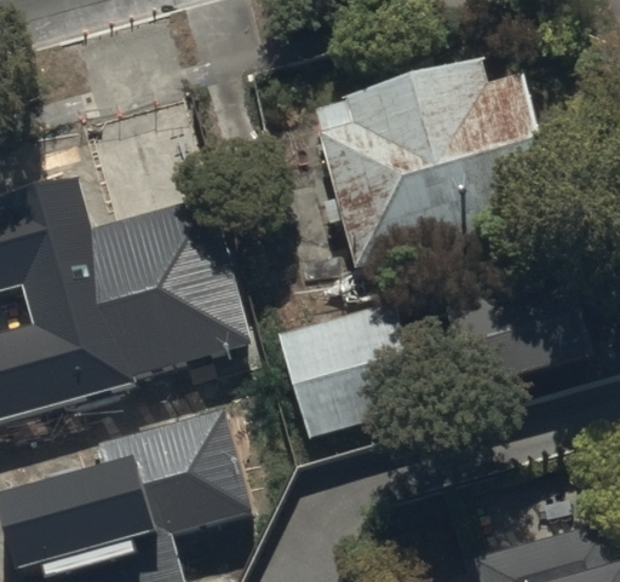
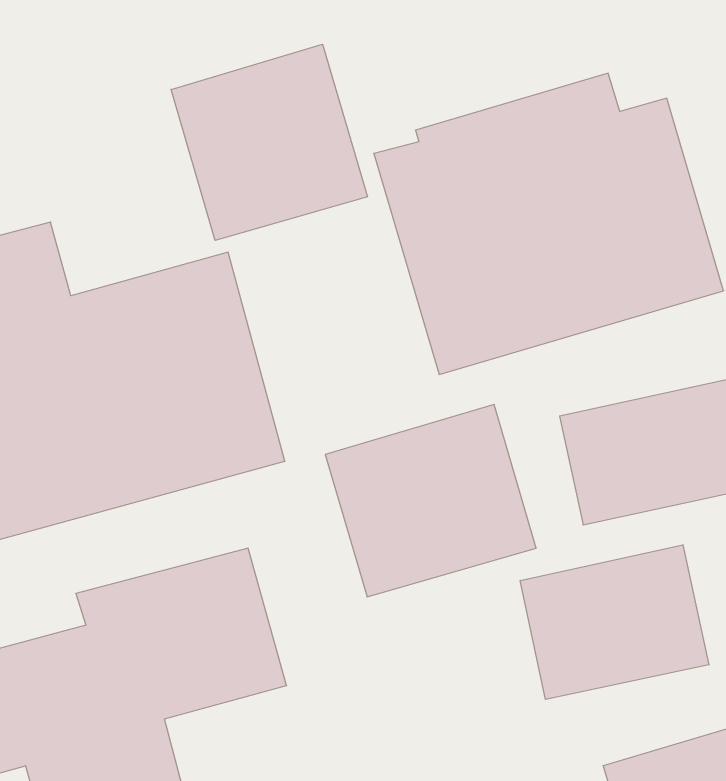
building: none -> [171,44,367,240]
building: none -> [520,545,709,699]

